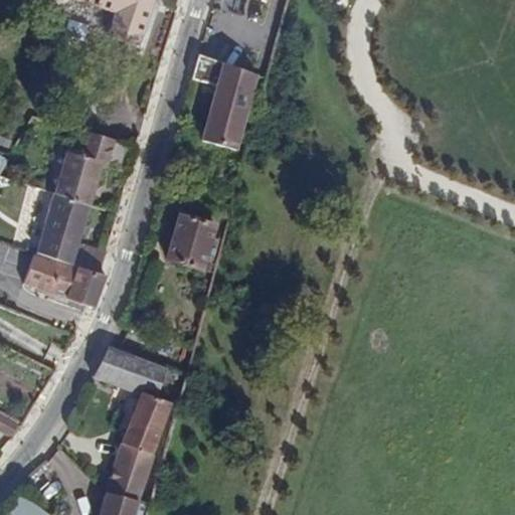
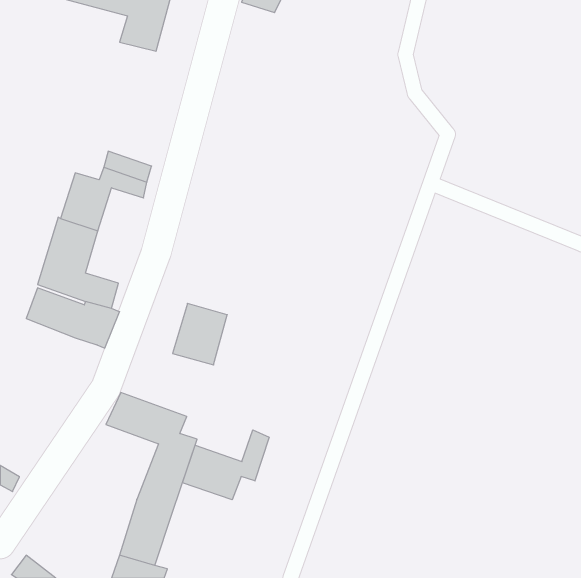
building: [192,55,255,149] -> none
building: [166,214,214,269] -> [173,303,227,365]
building: none -> [182,430,269,500]

